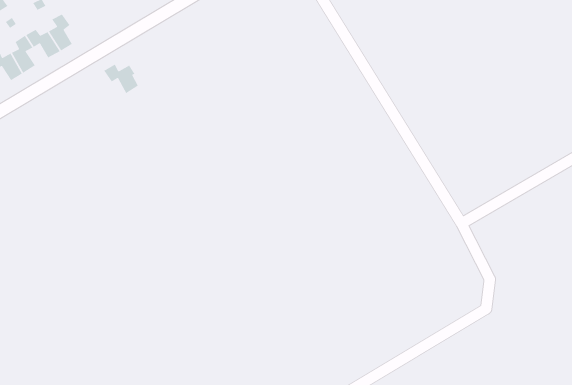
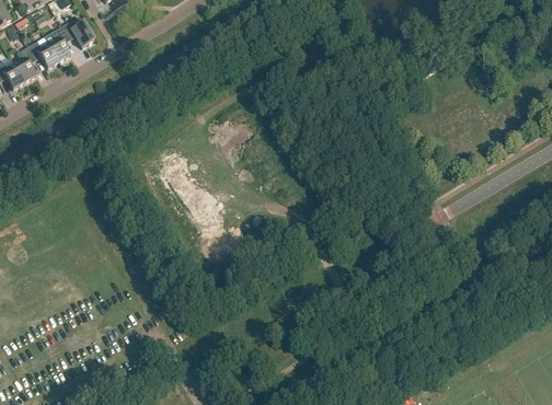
building: [103,63,139,94] -> [61,20,94,48]

